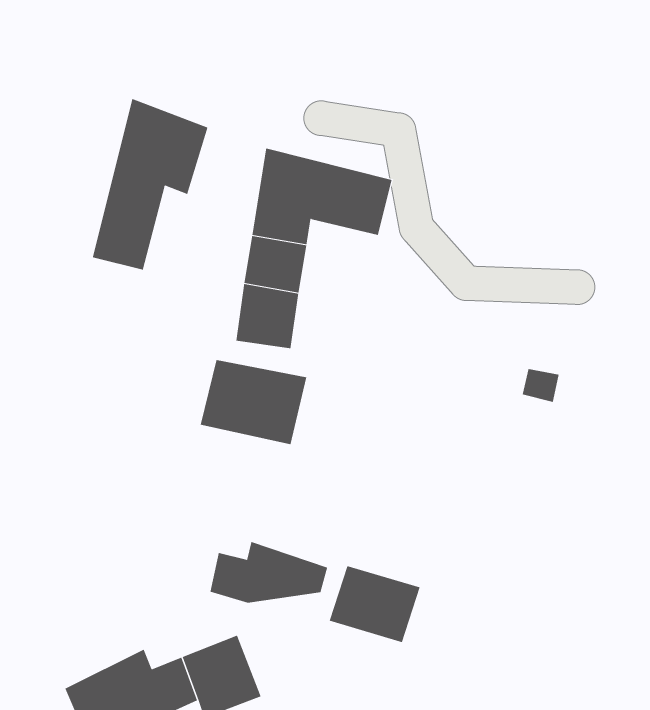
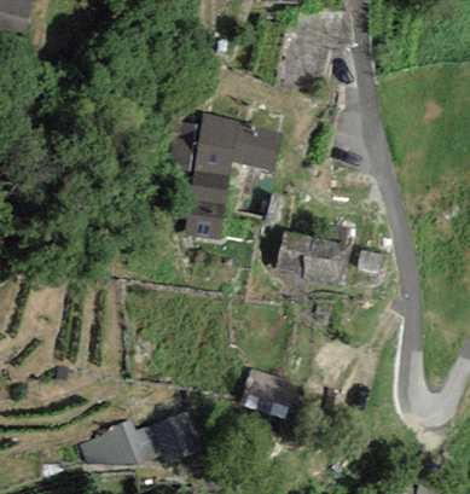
building: [92,98,208,271] -> none
building: [200,359,307,445] -> [274,231,340,283]
building: [210,541,328,604] -> none

